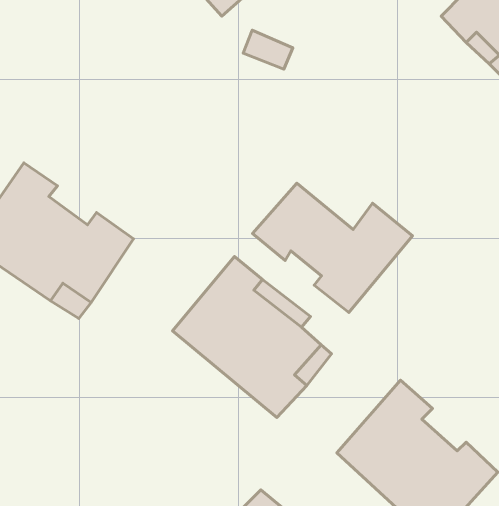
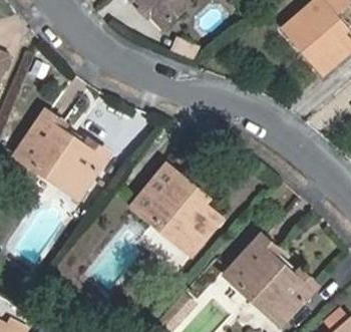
building: [252,183,412,312] -> none

